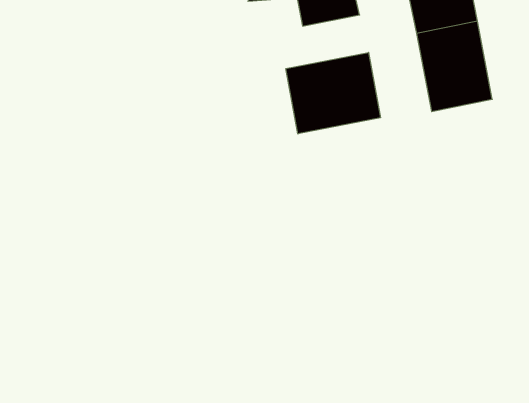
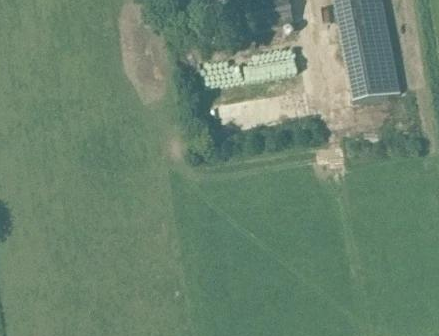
building: [286,52,380,134] -> none

